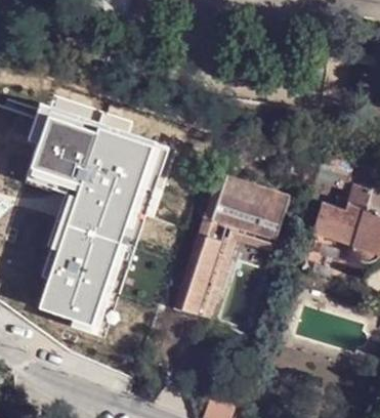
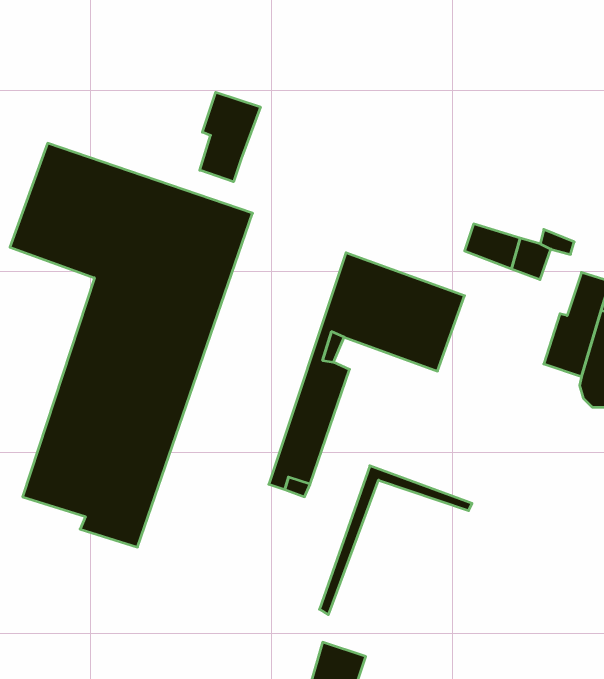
building: none -> [200,92,260,182]
building: [201,231,288,316] -> [319,466,472,615]

